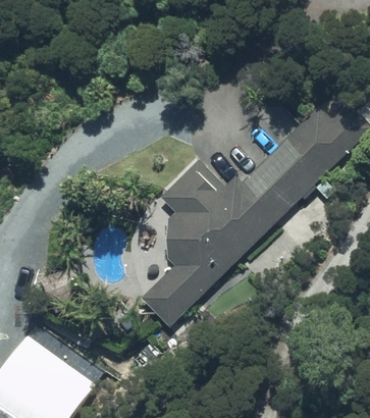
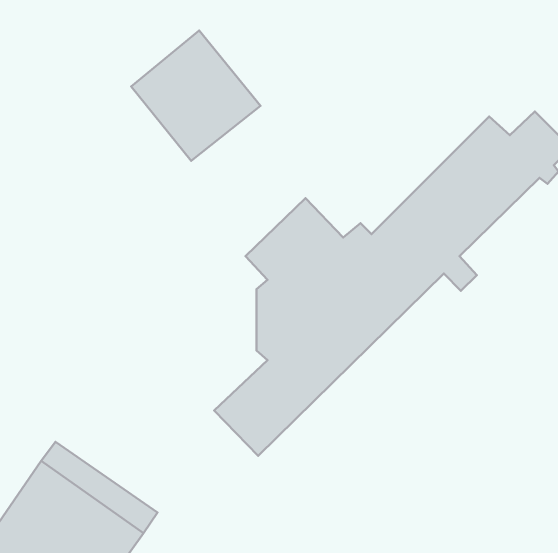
building: none -> [131,31,260,161]

